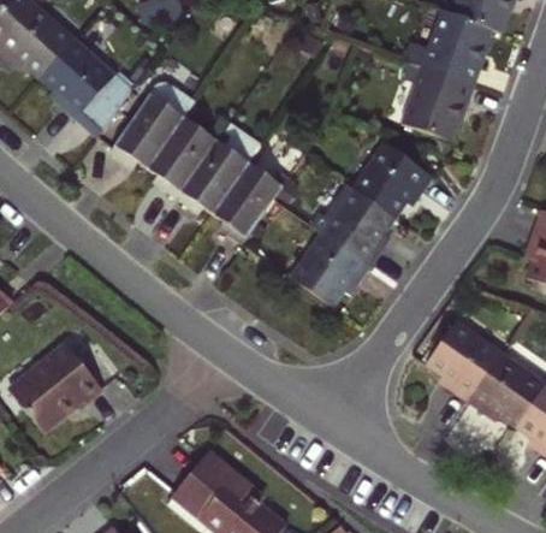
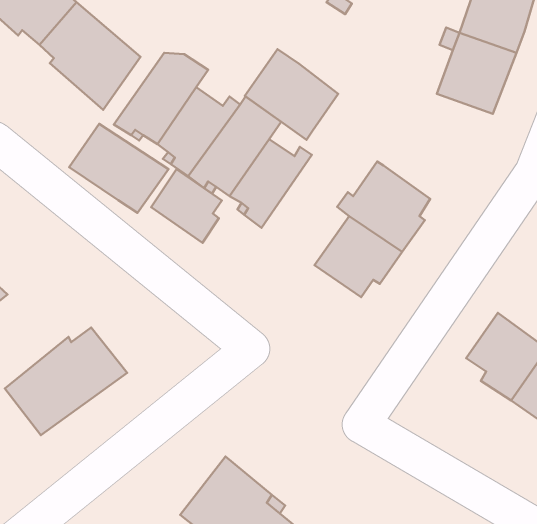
building: none -> [245,49,338,140]
building: [352,142,432,217] -> none
building: none -> [69,124,169,213]
building: none -> [151,169,222,243]

